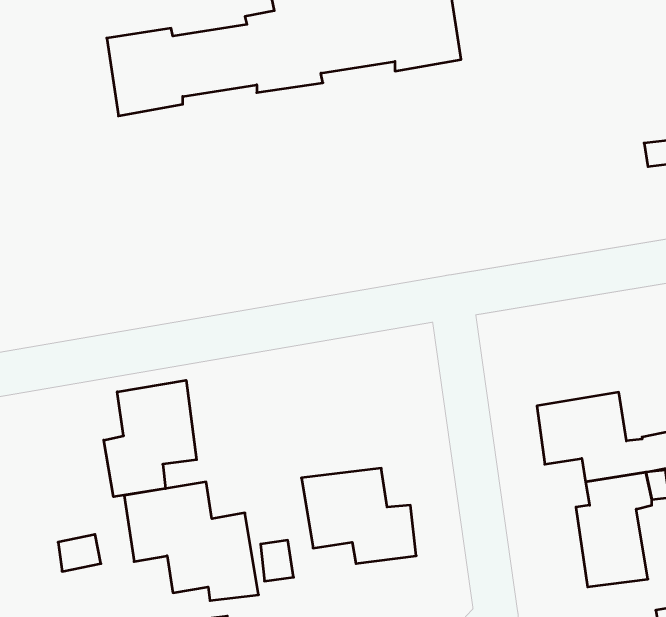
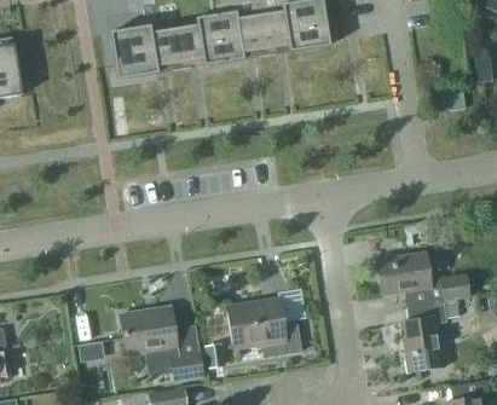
building: [104,380,197,497] -> none

